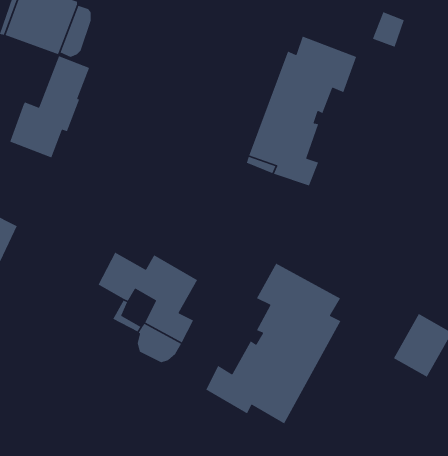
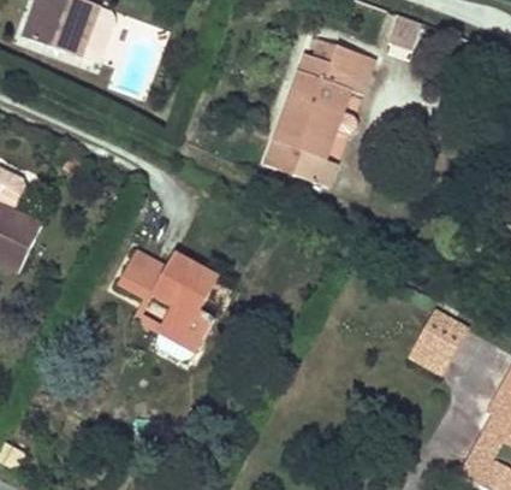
building: [9,55,90,158] -> none
building: [205,262,341,424] -> none

